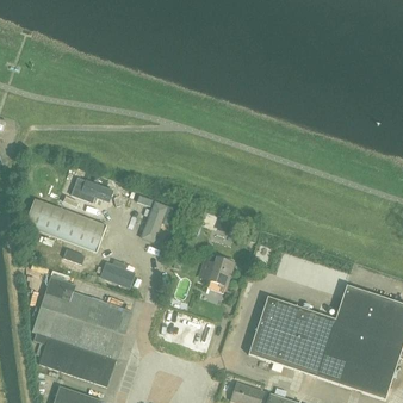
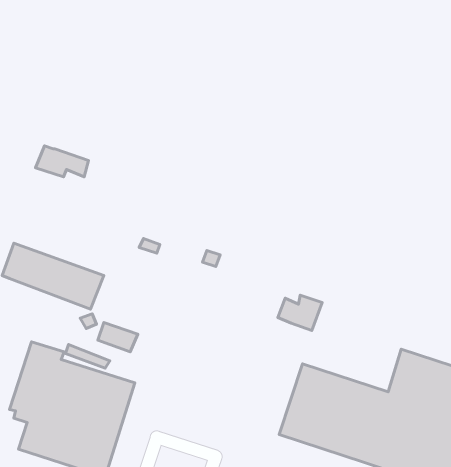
building: [69,176,112,202] -> [36,146,89,177]
building: [140,200,172,241] -> none
building: [198,256,234,285] -> [278,295,322,331]

